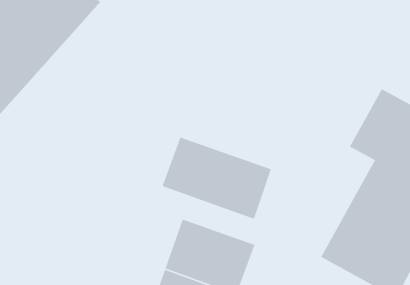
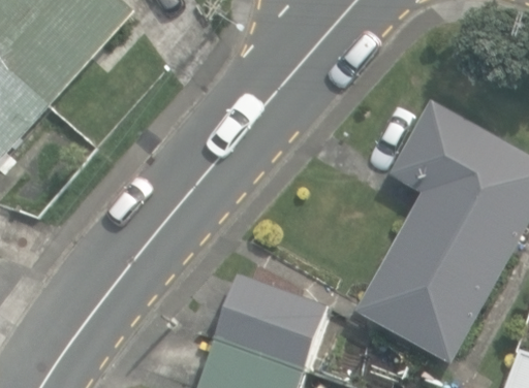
building: [161,136,272,220] -> none

